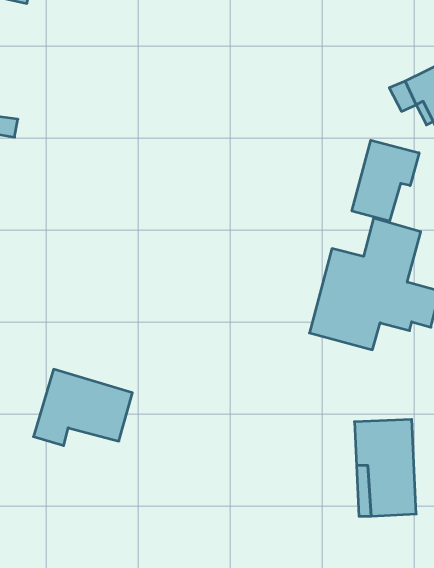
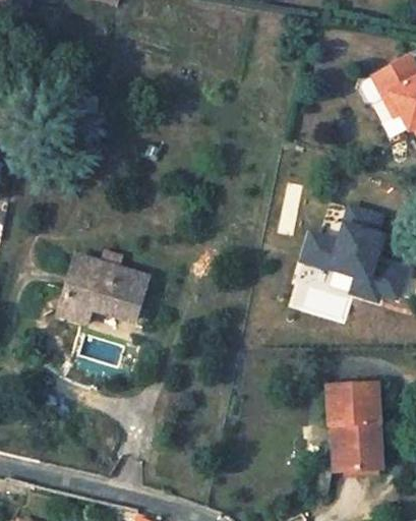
building: [352,140,419,221] -> none
building: [33,369,132,446] -> [58,254,147,324]

